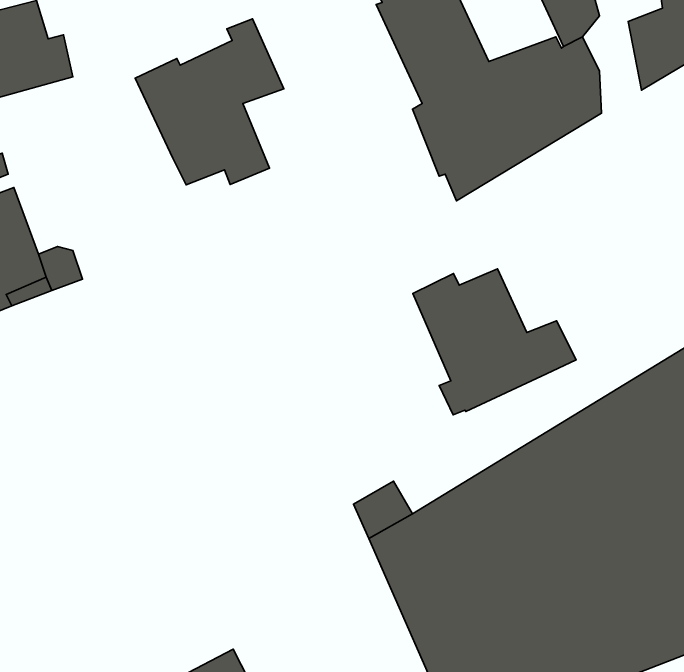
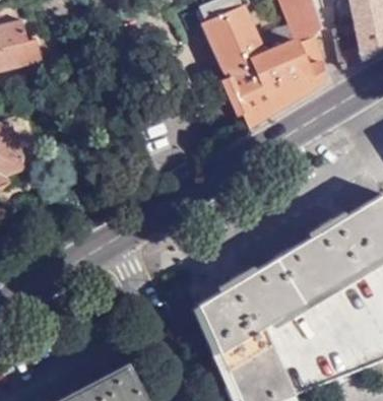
building: [135,19,284,185] -> none
building: [413,269,576,415] -> none

